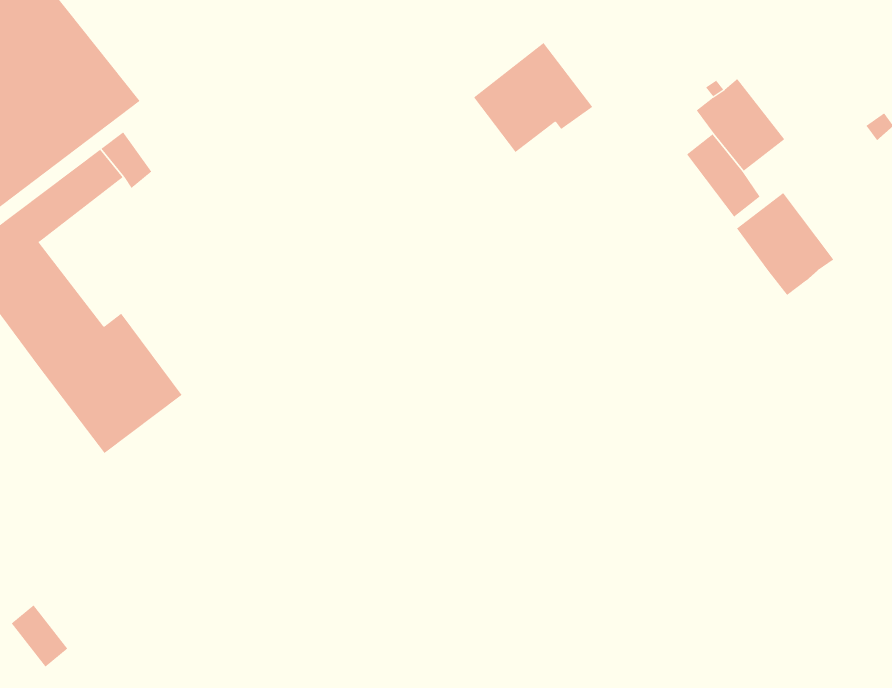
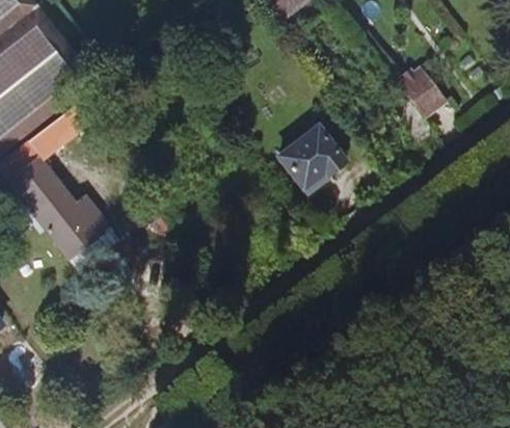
building: [473,42,593,153] -> [278,125,344,185]
building: [736,192,834,296] -> none

